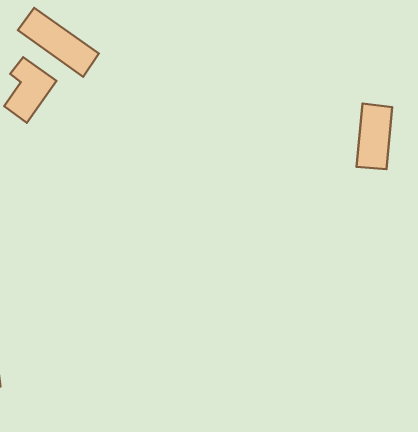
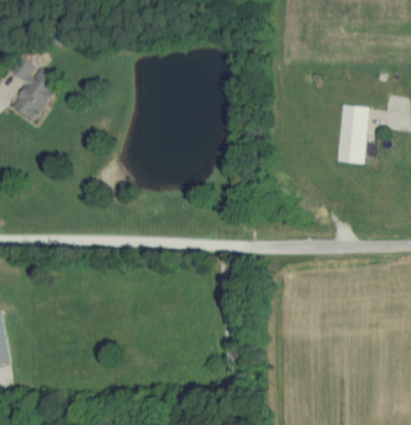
building: [18,8,99,77] -> none

